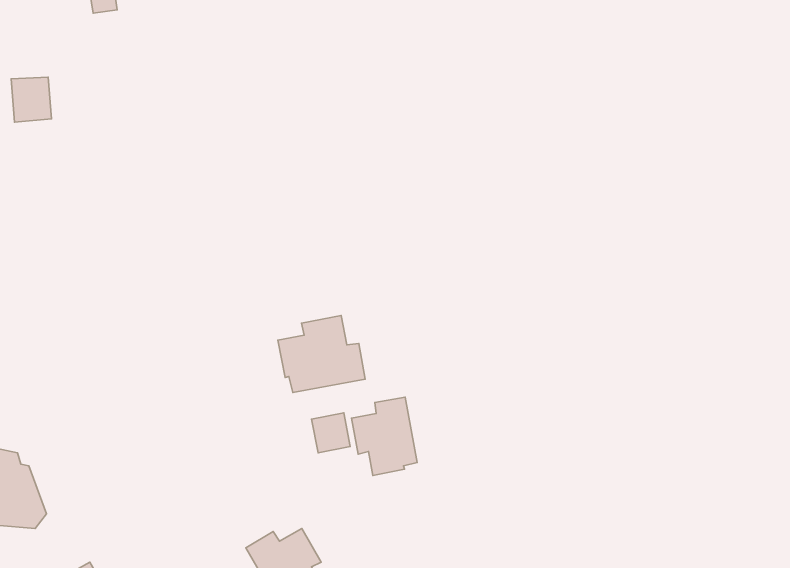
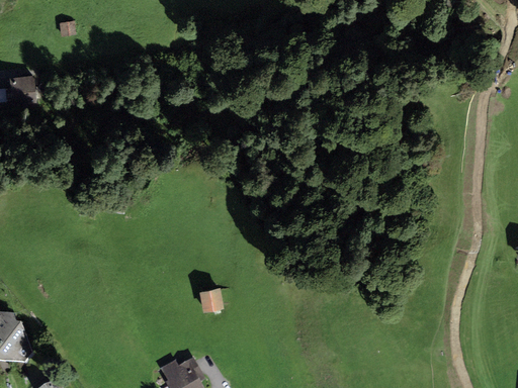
building: [278,315,365,393] -> none
building: [351,397,417,476] -> none

